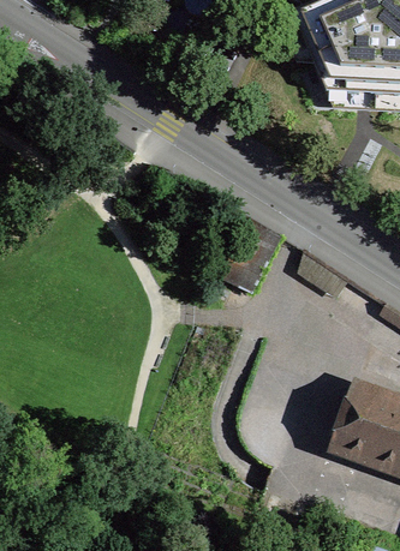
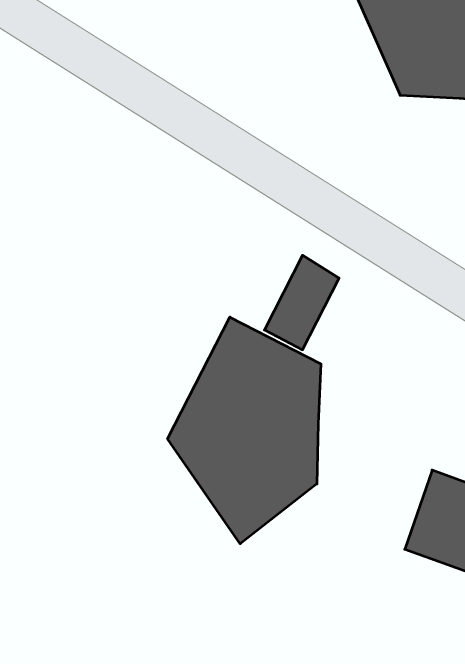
building: none -> [168,317,321,544]

